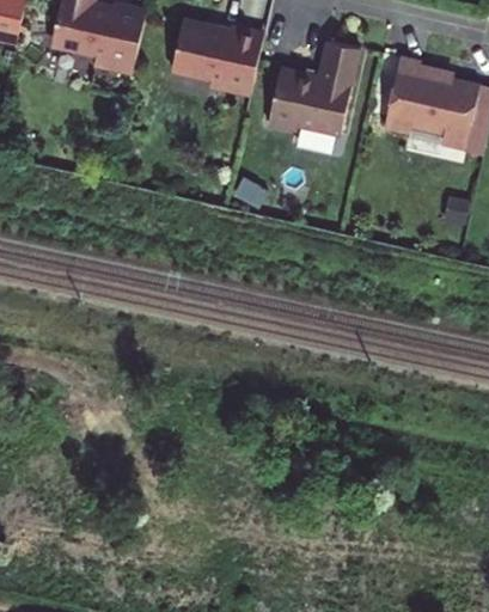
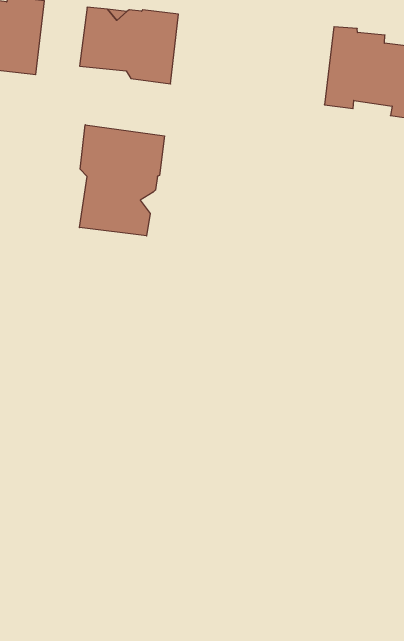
building: [267,41,359,134] -> none
building: none -> [79,125,164,236]

